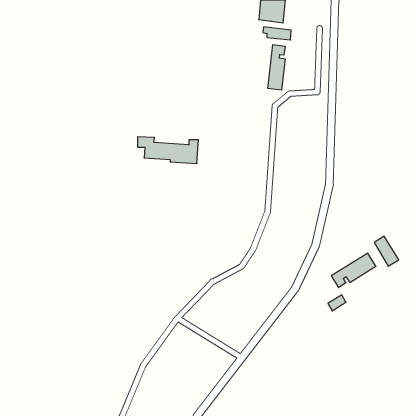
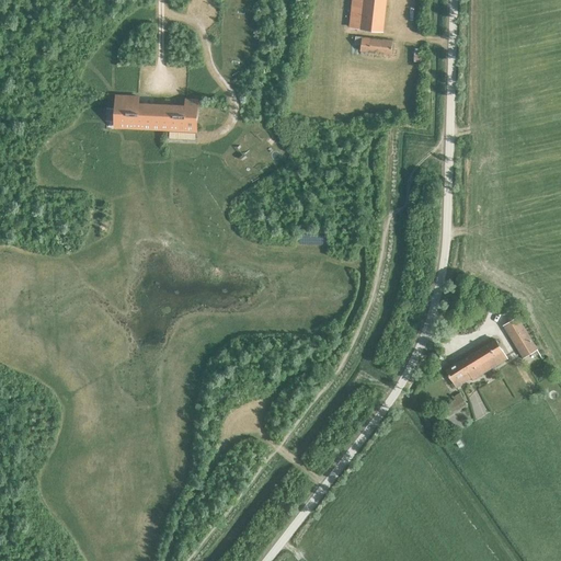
building: [268,45,285,90] -> none
building: [138,137,199,164] -> [115,95,197,131]

